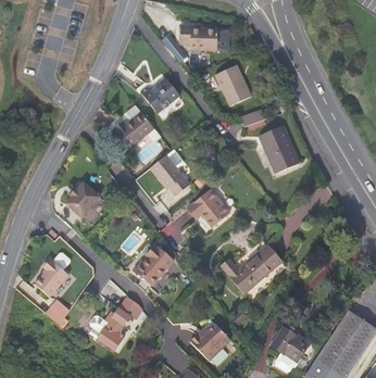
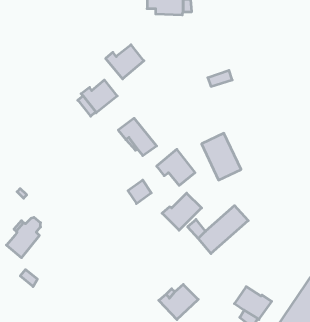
building: [214,62,250,103] -> none
building: [260,123,300,171] -> [202,133,241,180]
building: [66,181,101,216] -> none
building: [134,250,174,288] -> [162,193,202,230]
building: [89,298,142,350] -> none

